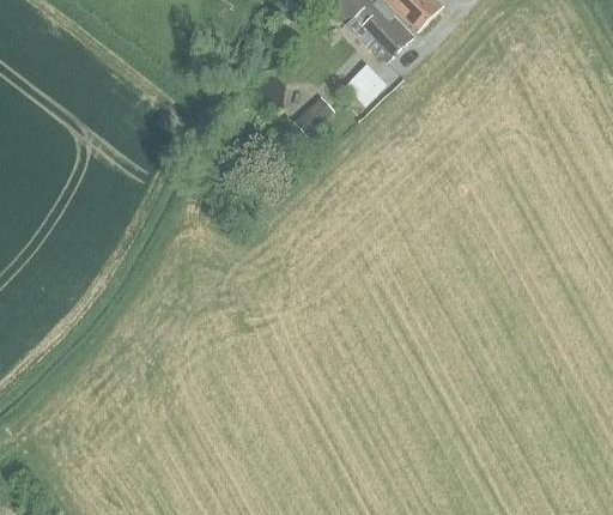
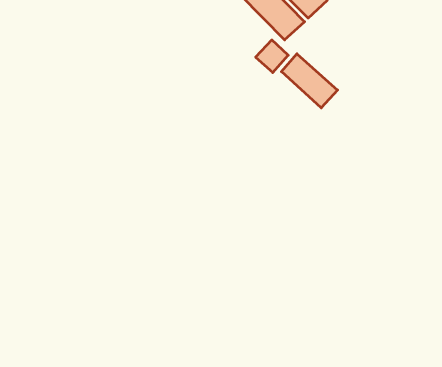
building: none -> [281,54,338,108]
building: [292,95,334,135] -> none

